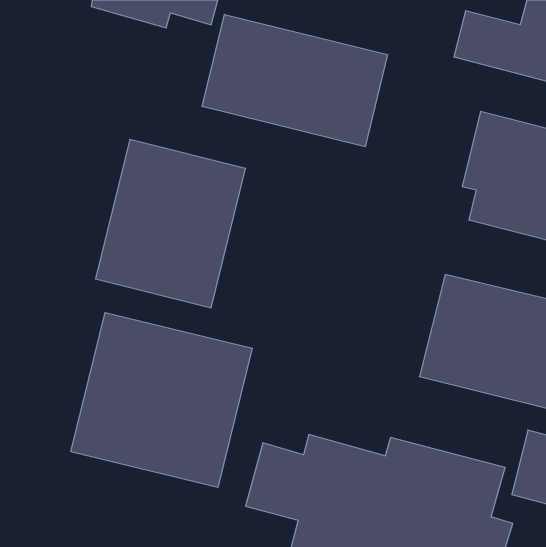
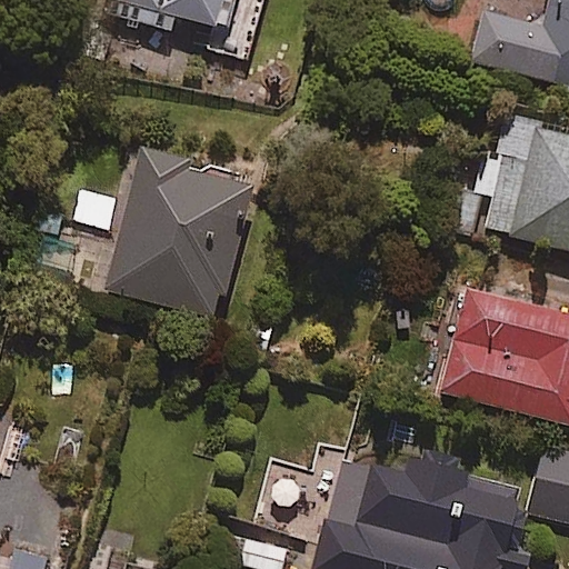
building: [202,14,387,147] -> none
building: [71,312,252,487] -> none

